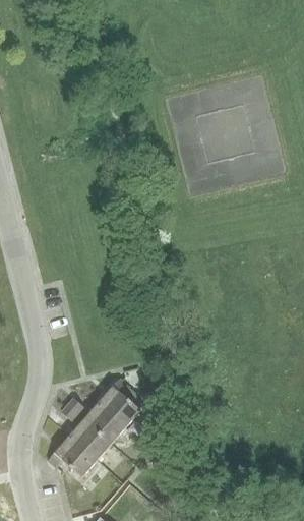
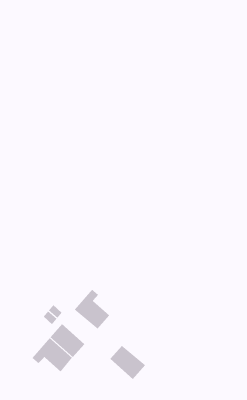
building: [83,403,126,444] -> [110,345,146,380]

